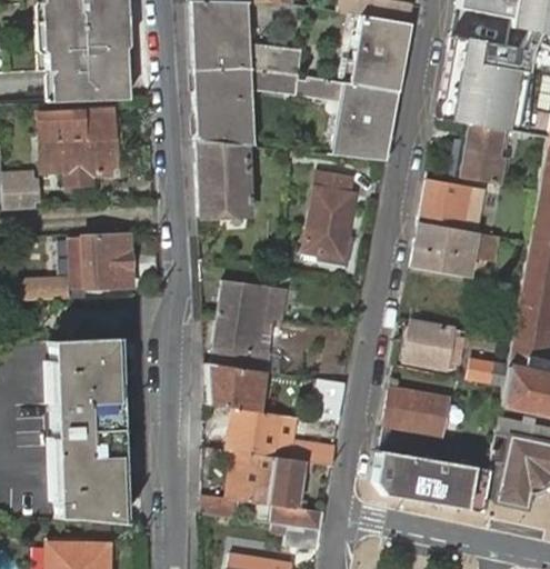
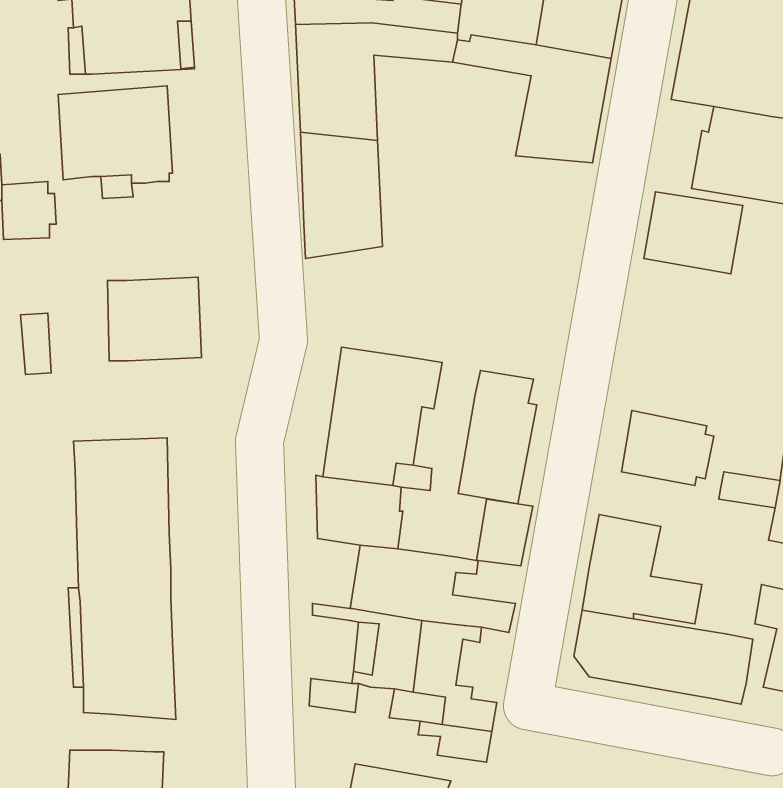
building: [307,172,358,259] -> [458,371,537,504]
building: [413,222,478,277] -> none

